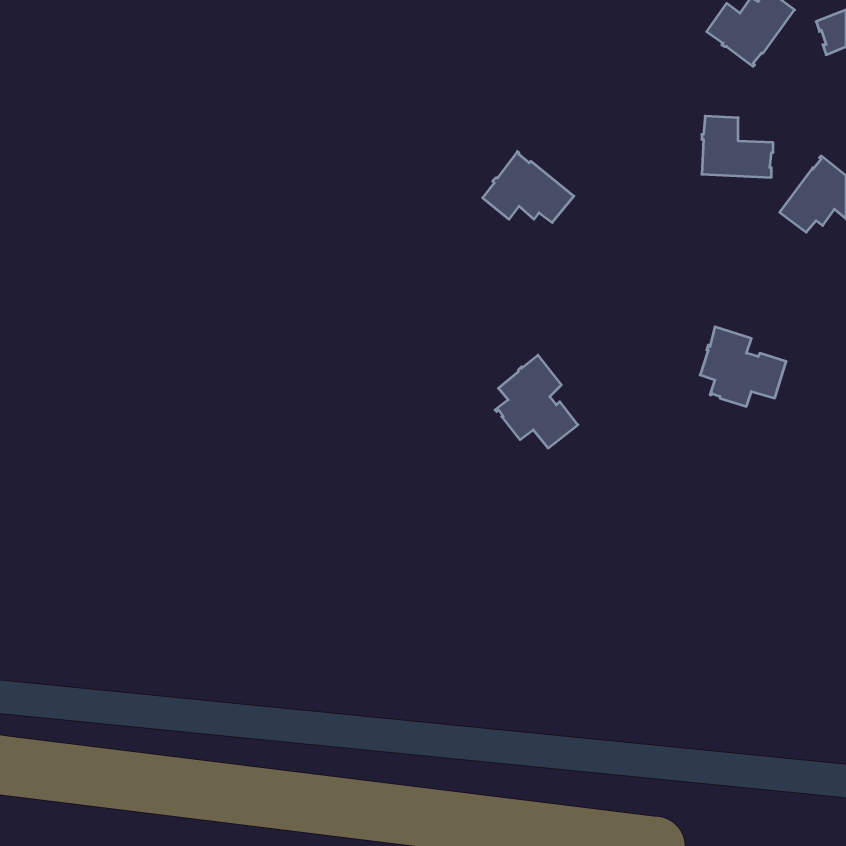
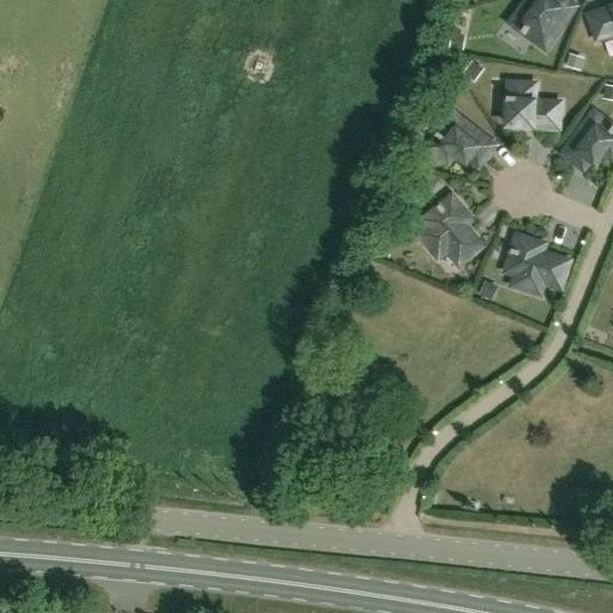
building: [483,151,574,223] -> [427,114,493,165]
building: [495,355,578,448] -> [420,196,480,263]

